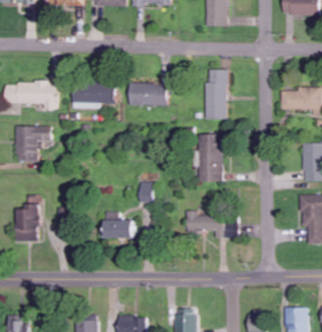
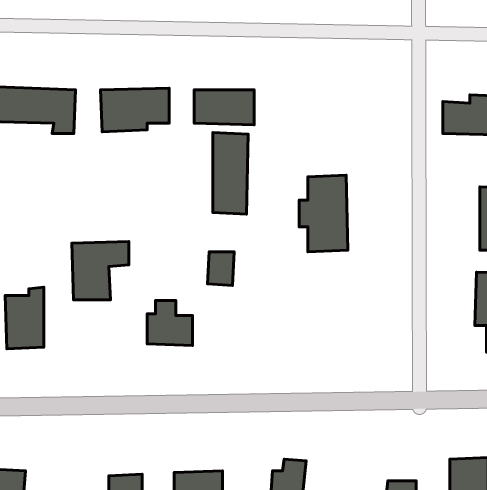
building: [207,69,228,119] -> [213,132,248,214]
building: [15,126,50,162] -> [72,241,129,300]
building: [186,211,223,238] -> none

